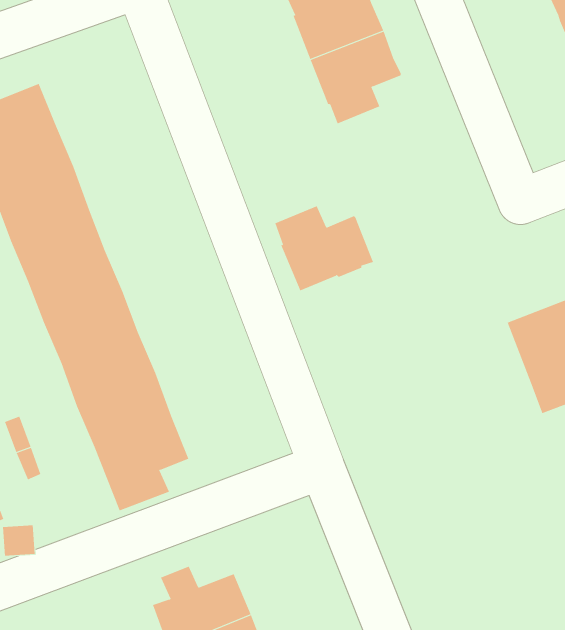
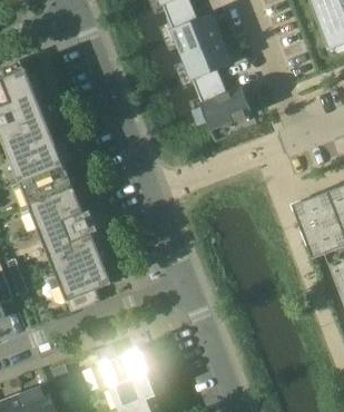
building: [274,206,374,291] -> [197,80,254,129]

